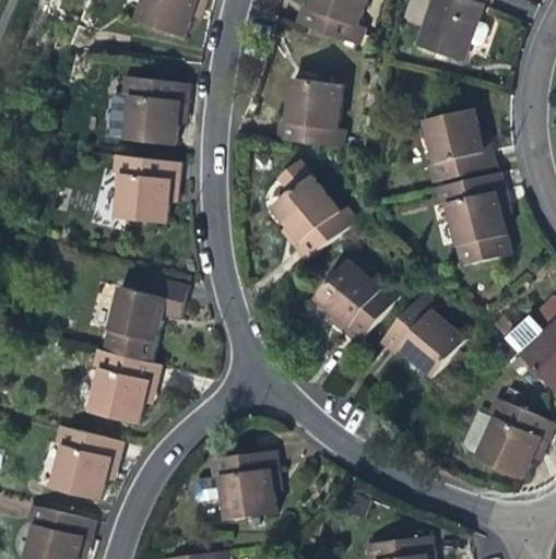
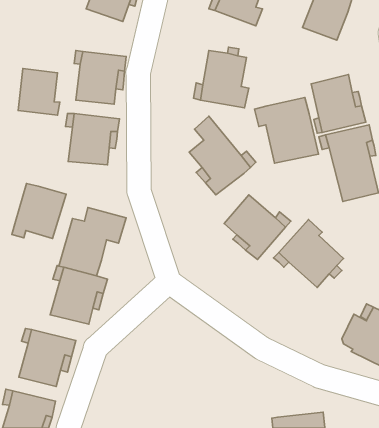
building: none -> [18,68,60,115]
building: none -> [254,98,319,163]
building: none -> [12,183,66,239]
building: [215,454,286,524] -> none

